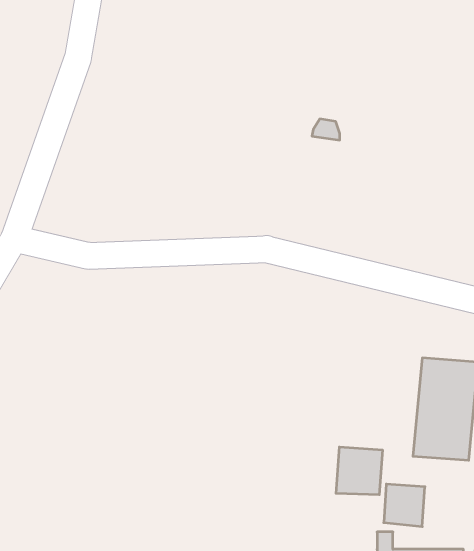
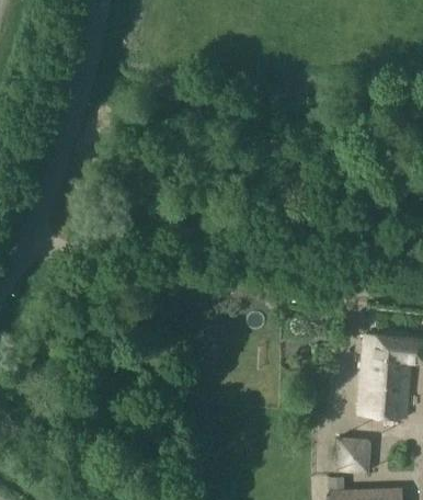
building: [336,447,382,495] -> none

